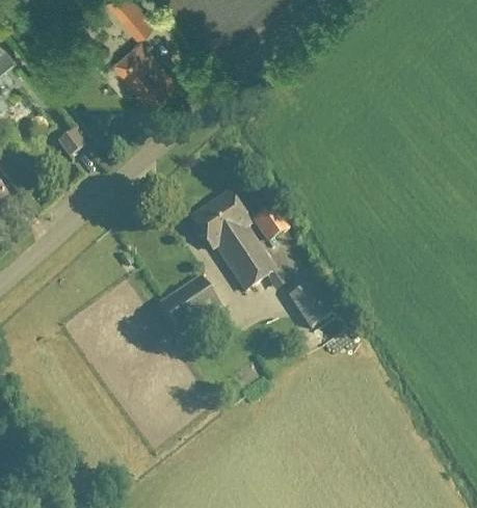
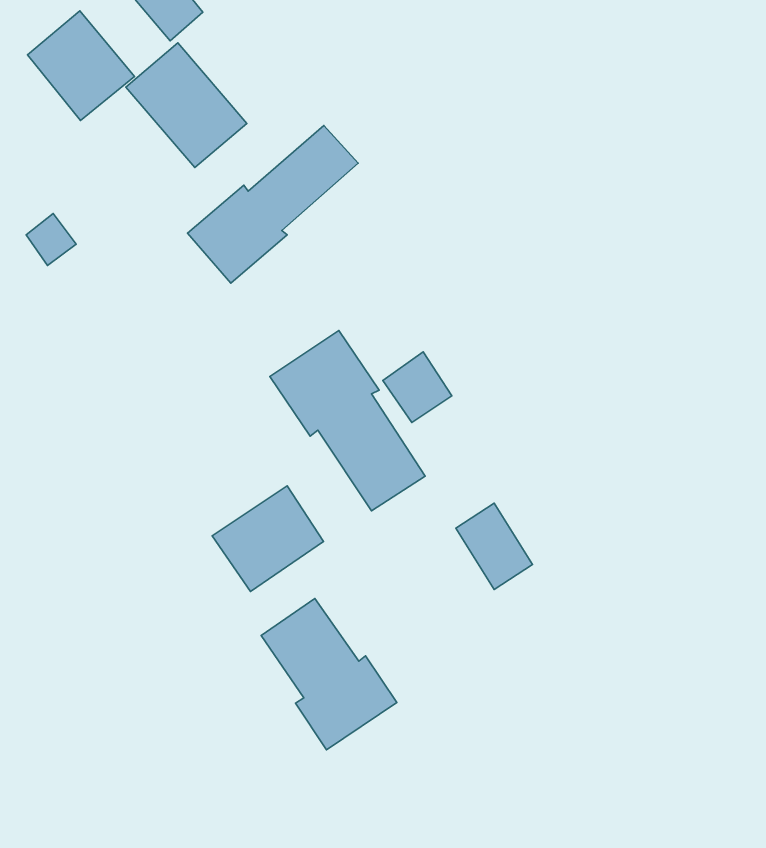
building: none -> [27,11,135,120]
building: none -> [187,126,358,283]
building: none -> [261,598,397,750]

